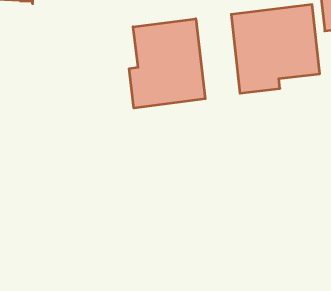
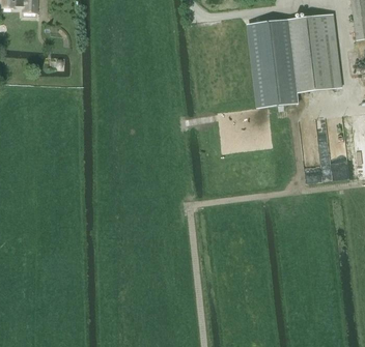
building: [129,19,205,108] -> none

